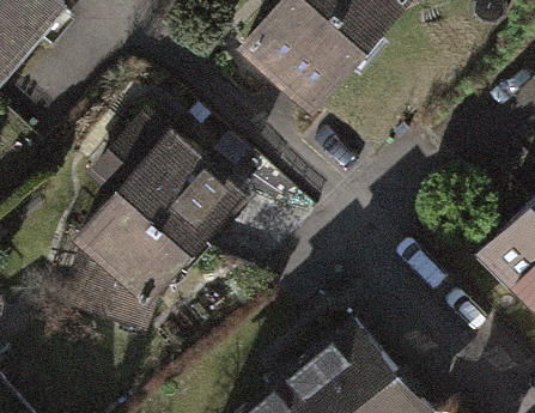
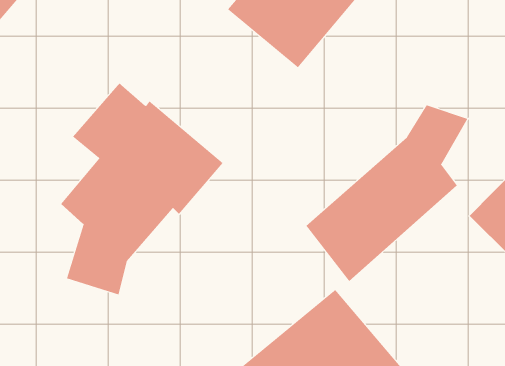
building: none -> [306,105,468,282]

